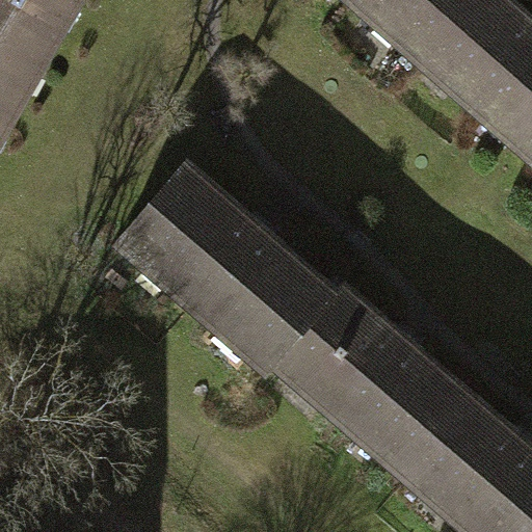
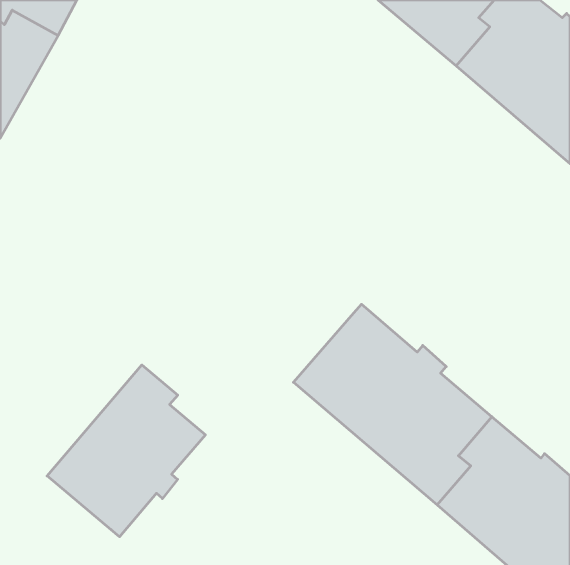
building: [118,169,329,368] -> none
building: none -> [47,365,205,537]

